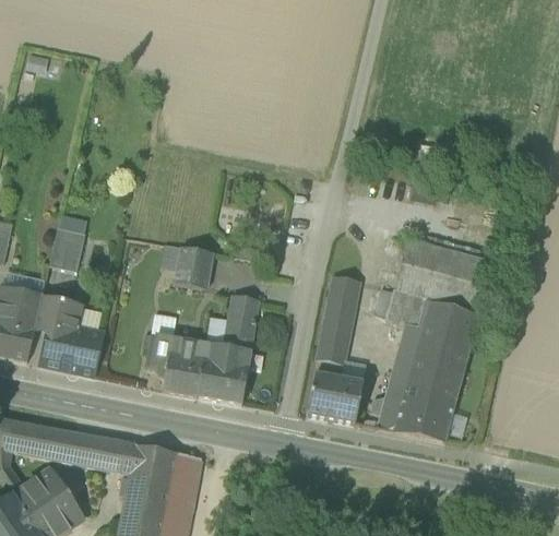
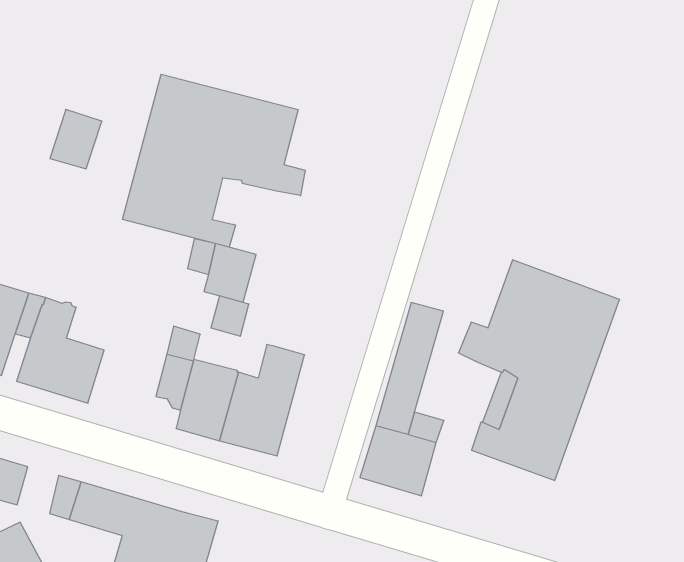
building: none -> [123,74,305,247]
building: [48,227,85,271] -> [50,109,102,169]
building: [233,295,260,324] -> [211,296,249,336]
building: [372,385,454,441] -> none
building: [47,428,76,462] -> none

